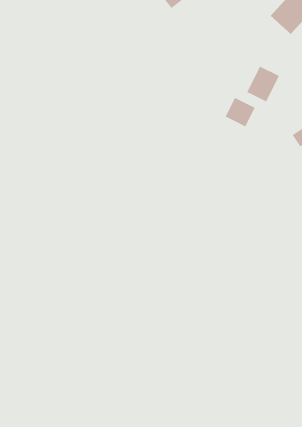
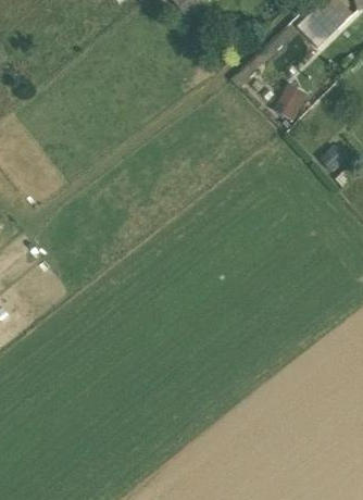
building: [225,97,255,127] -> none

